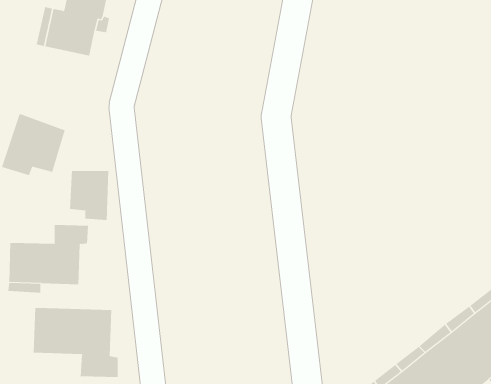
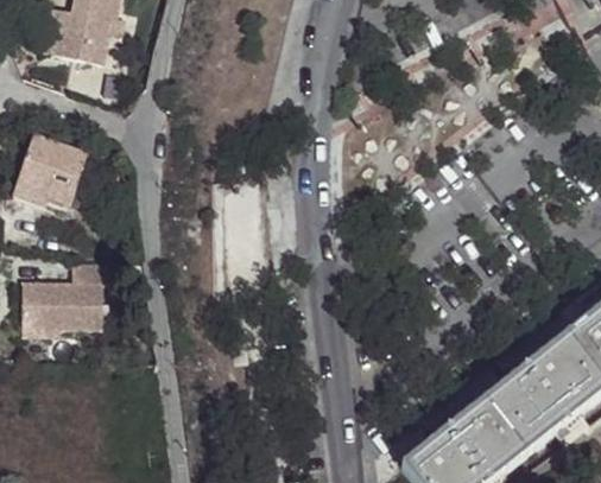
building: [69,170,109,221] -> none
building: [33,307,118,378] -> none

